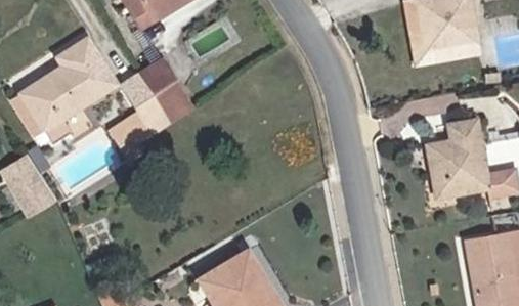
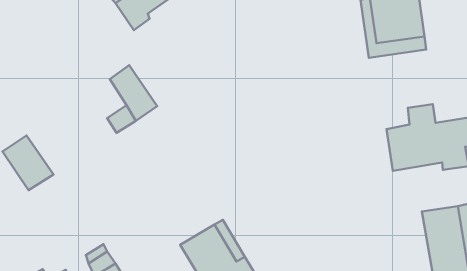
building: [13,43,116,151] -> none
building: [144,64,194,122] -> none

